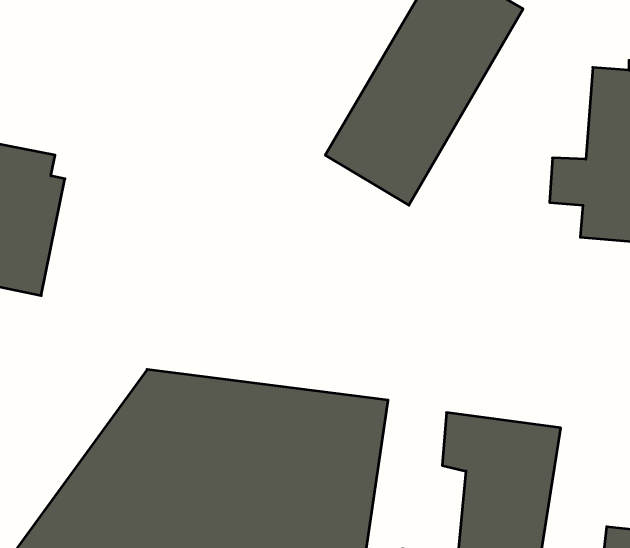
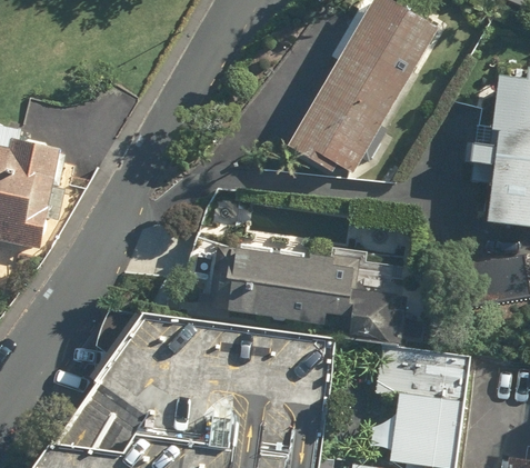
building: none -> [204,245,423,338]

